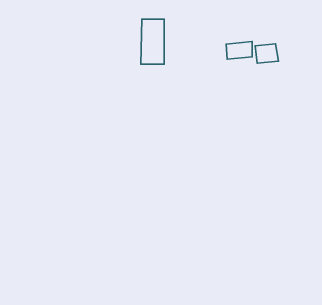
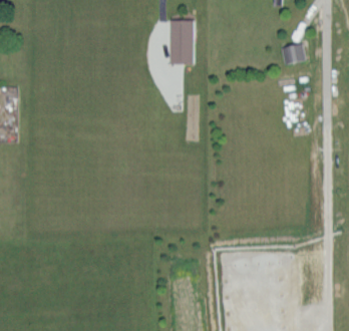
building: [226,41,252,59] -> none

